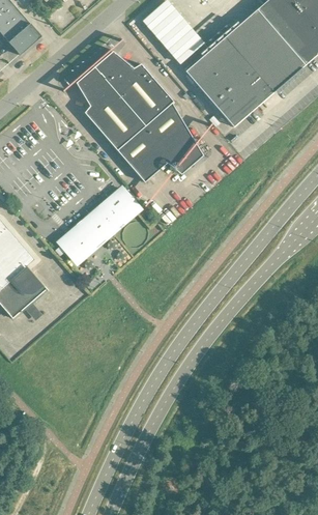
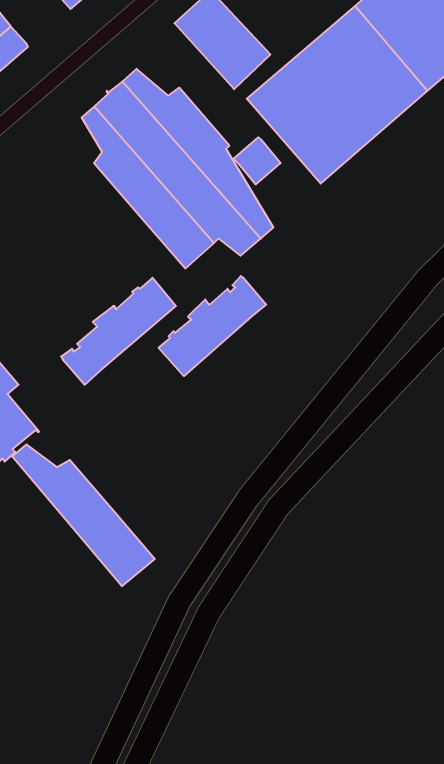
building: none -> [233,137,281,184]
building: none -> [159,276,266,376]
building: none -> [12,444,155,586]

